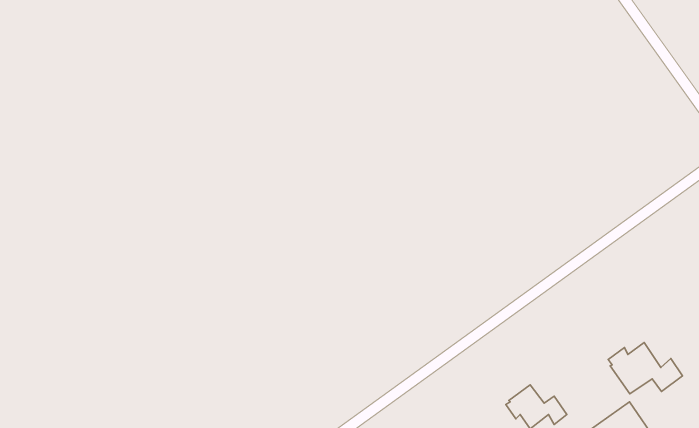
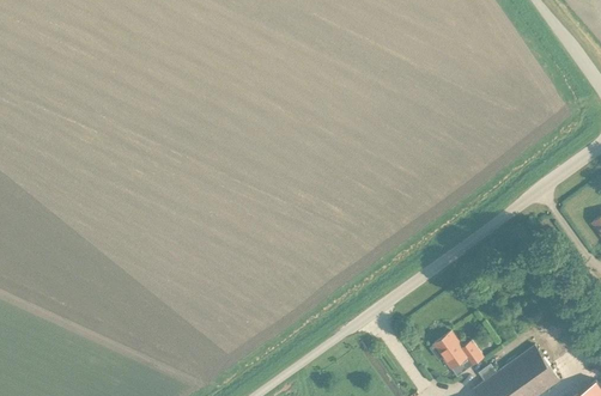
building: [608,343,682,394] -> none

